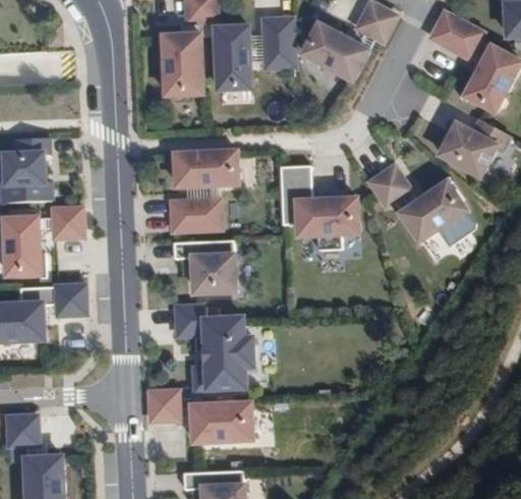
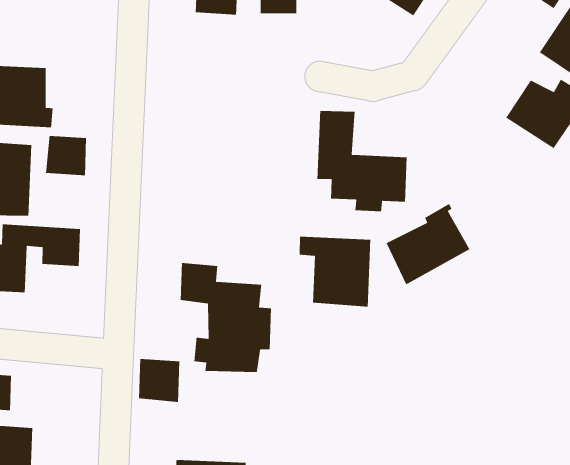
building: [178,149,238,183] -> none
building: [368,161,412,207] -> none
building: [397,173,469,246] -> [386,203,470,286]
building: [170,197,224,232] -> none
building: [174,237,238,296] -> [299,236,371,307]
building: [189,401,253,446] -> none

